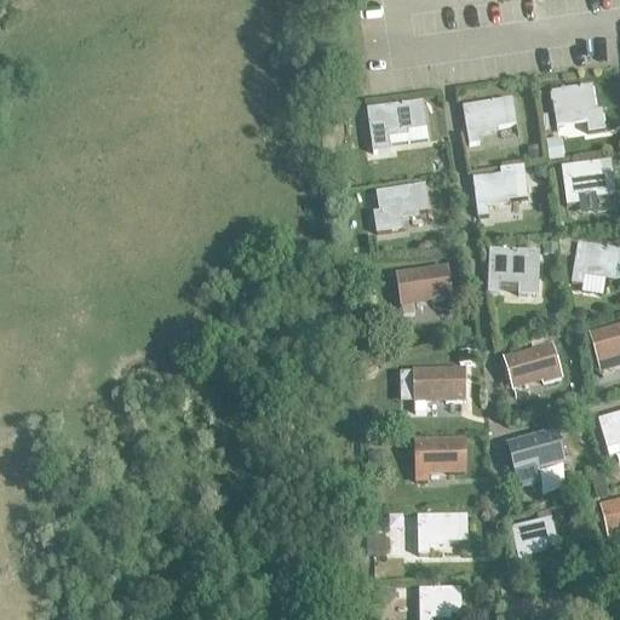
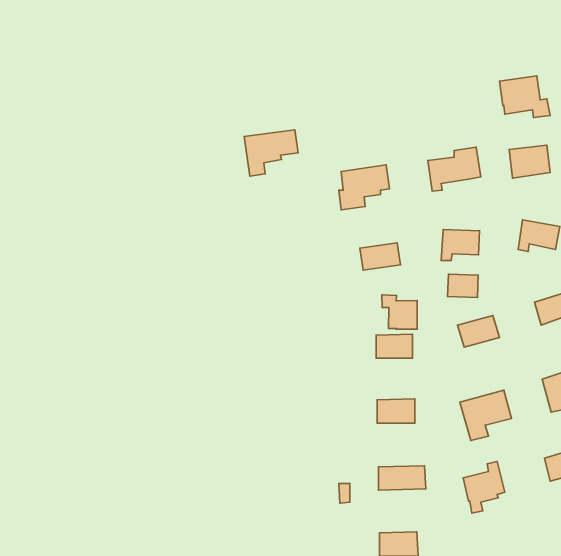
building: [463,97,518,142] -> none
building: [368,99,427,150] -> [244,130,298,176]
building: none -> [448,274,478,298]
building: none -> [382,295,417,329]

